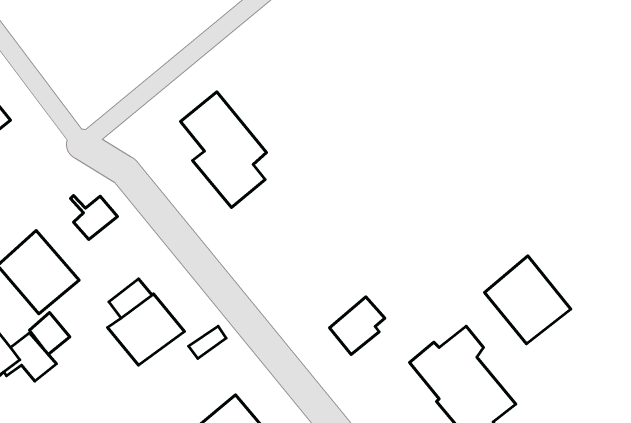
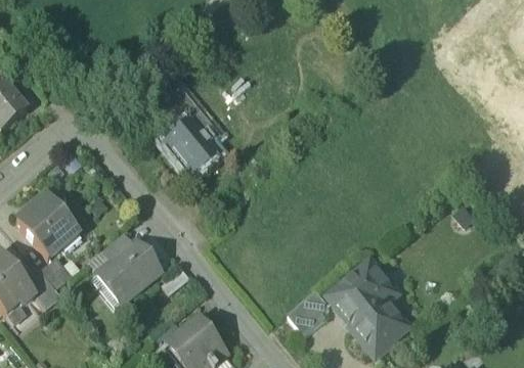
building: [70,195,118,239] -> none
building: [484,256,571,344] -> none
building: [329,297,385,355] -> [289,289,331,333]

